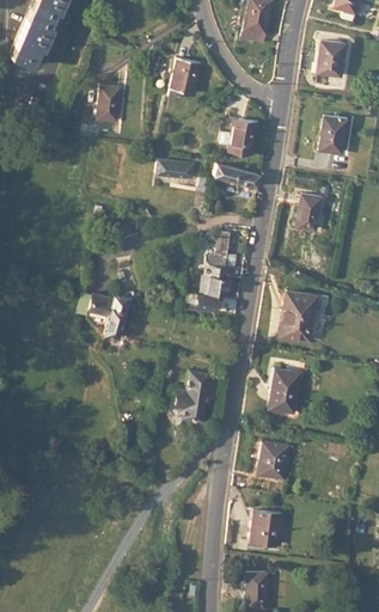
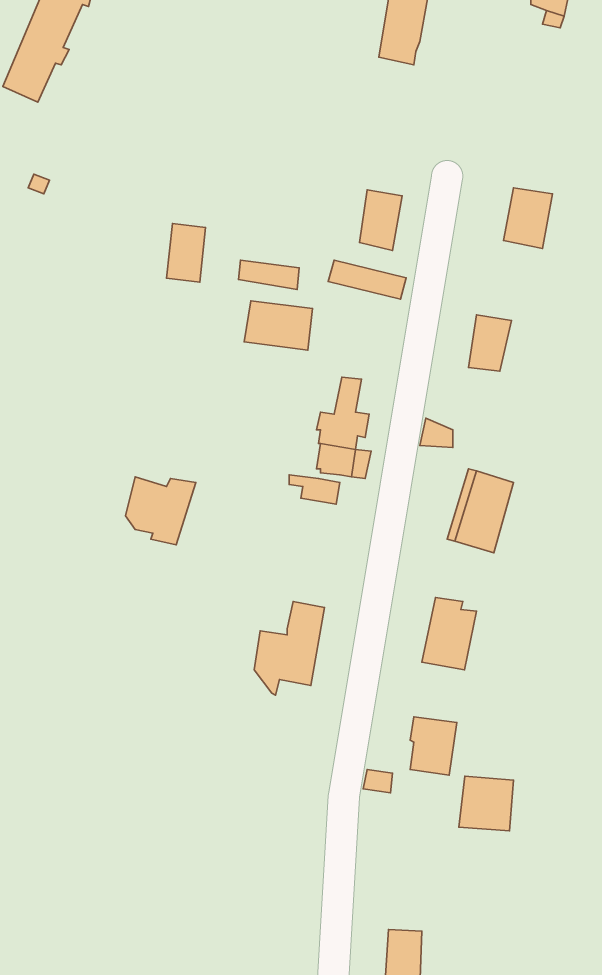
building: [317,43,347,78] -> none
building: [169,59,201,99] -> none
building: [96,88,120,124] -> [167,224,206,282]
building: none -> [244,301,312,350]
building: [250,510,283,544] -> [459,776,513,831]

